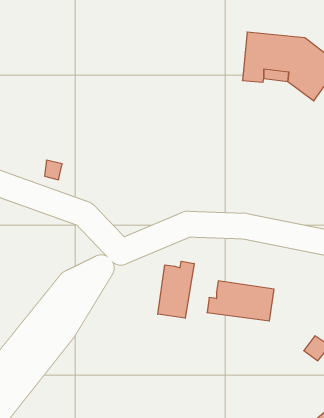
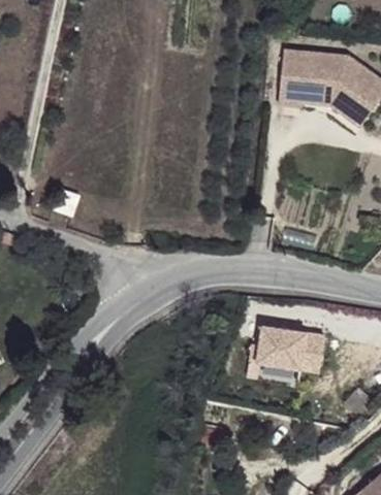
building: [158,261,194,318] -> none

